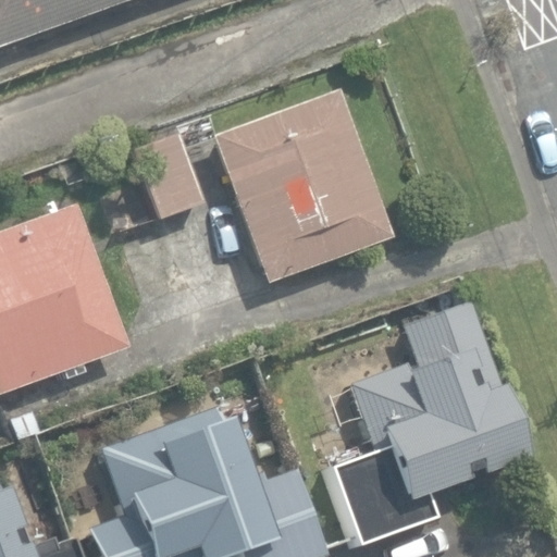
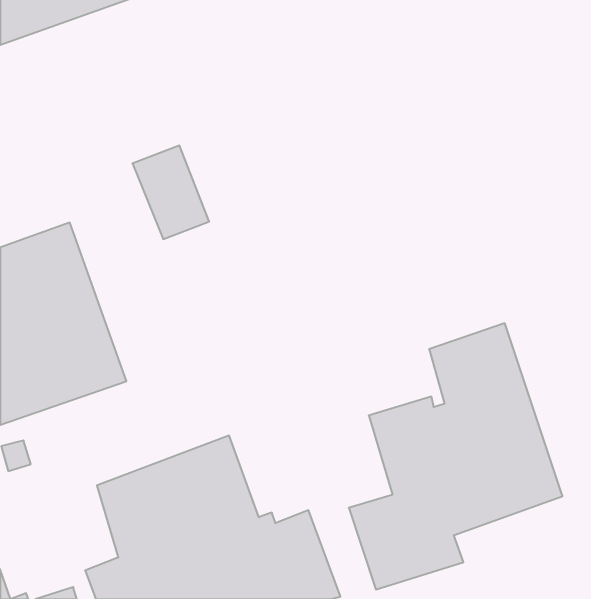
building: [213,89,393,283] -> none

